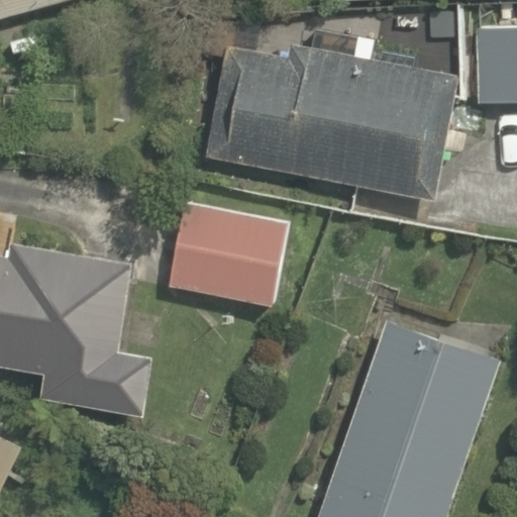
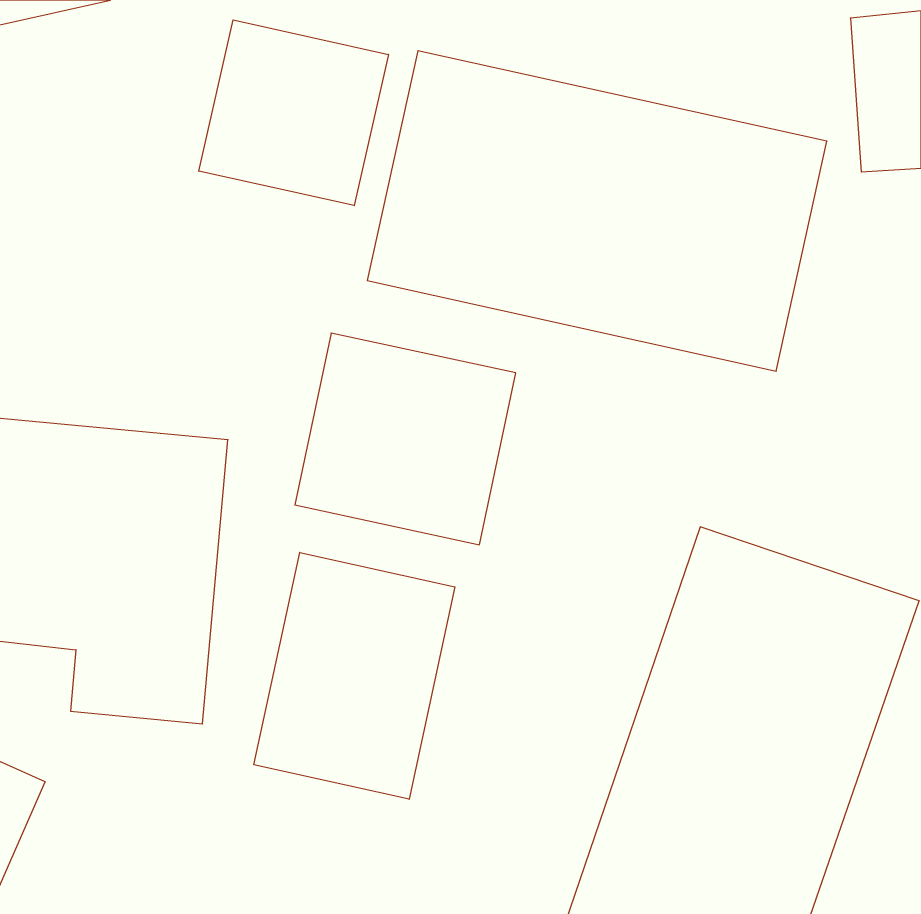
building: none -> [199,20,388,206]
building: none -> [254,552,455,799]

